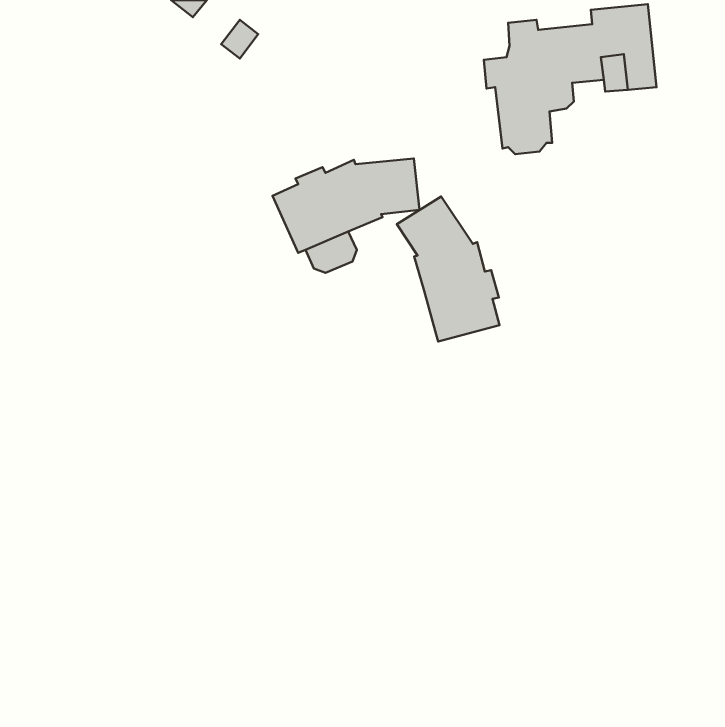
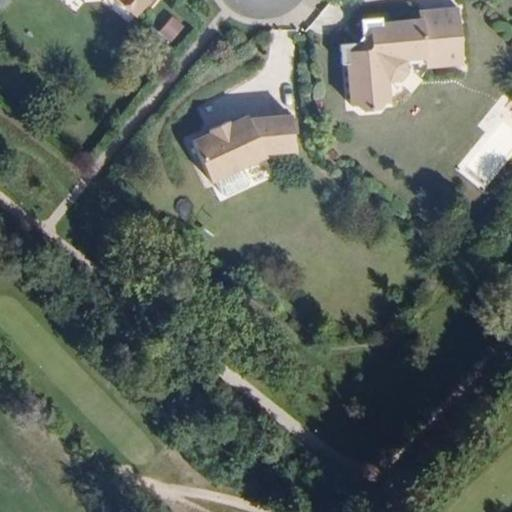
building: [397,197,499,341] -> none

